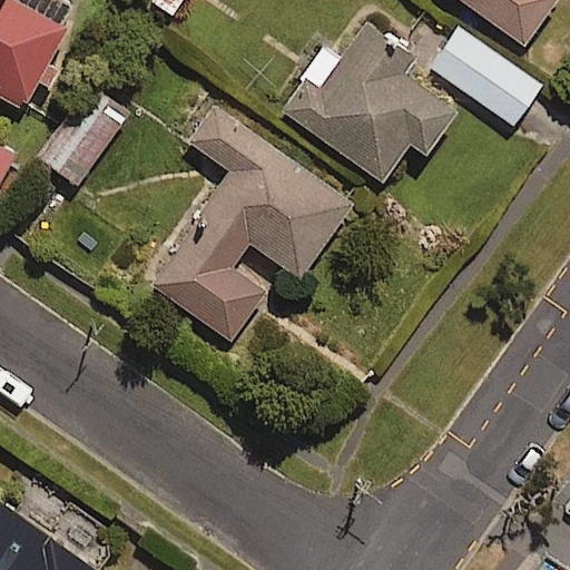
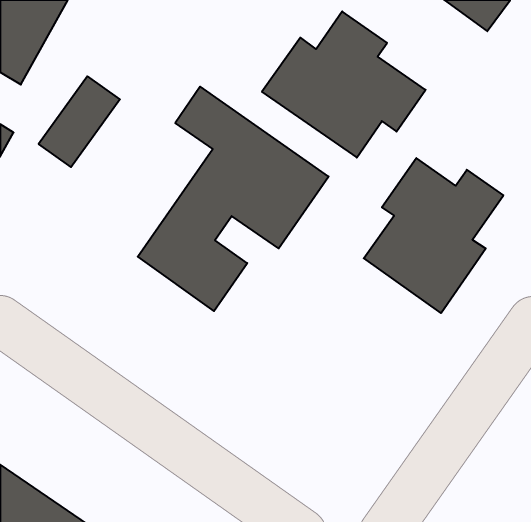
building: [430,29,541,128] -> none
building: none -> [364,158,503,313]

